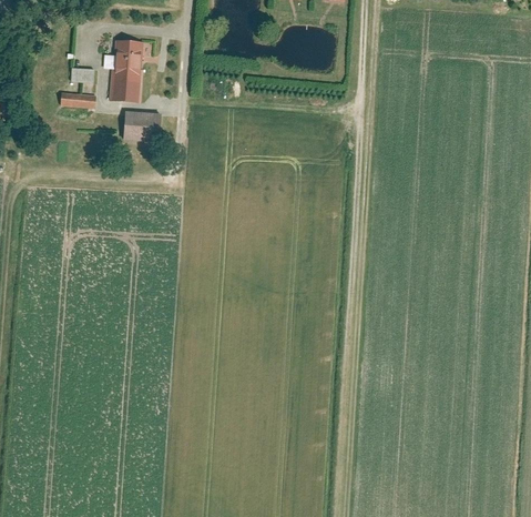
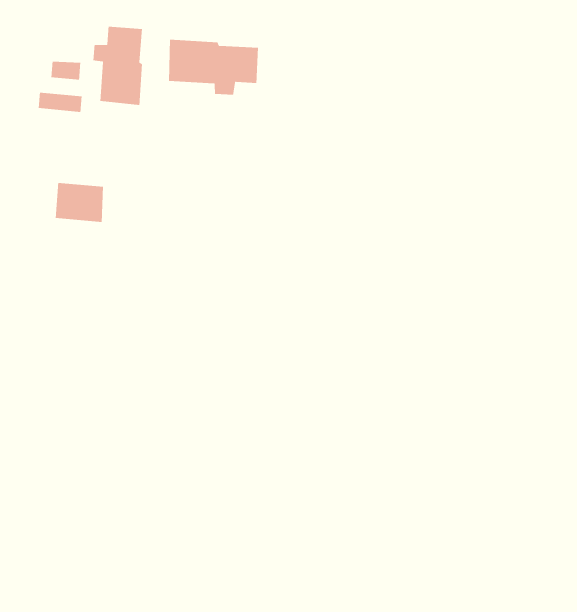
building: none -> [168,39,259,96]
building: [124,111,163,143] -> [55,182,104,223]

